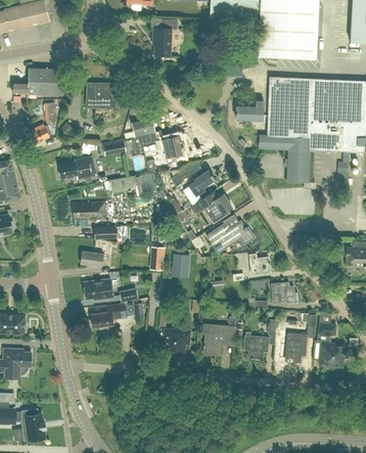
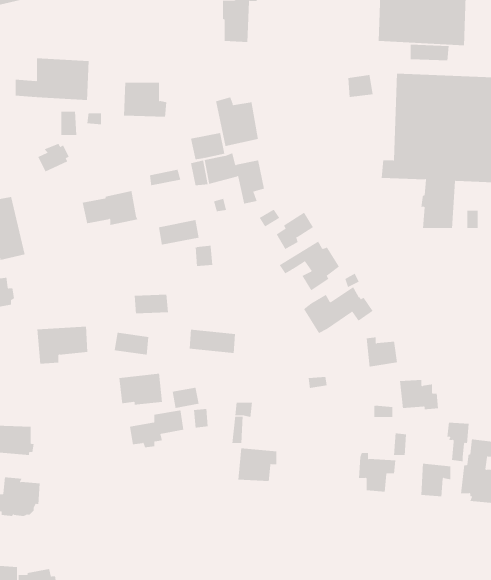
building: none -> [215,97,259,147]
building: [235,99,263,119] -> none
building: [72,200,106,226] -> [36,326,88,364]
building: [171,253,189,277] -> none
building: [202,316,236,354] -> none

